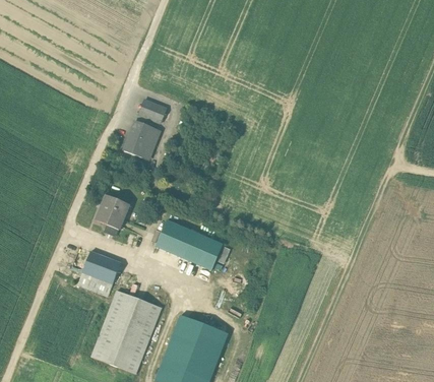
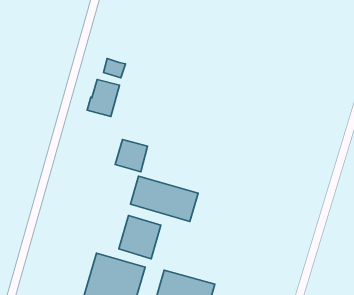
building: [96,195,129,229] -> [115,140,147,172]
building: [77,251,121,296] -> [119,215,161,259]

